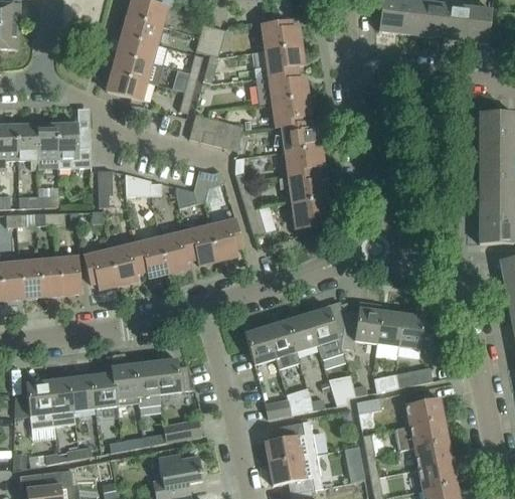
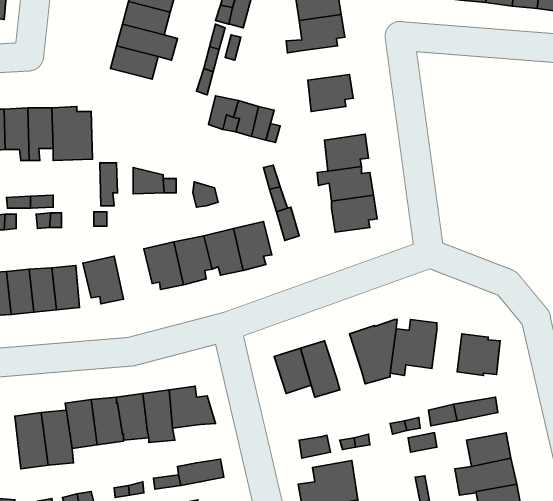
building: [255,71,308,103] -> none
building: [272,122,321,153] -> none
building: [194,170,224,203] -> none
building: [110,242,142,285] -> none
building: [377,311,402,346] -> none
building: [287,314,318,351] -> none

